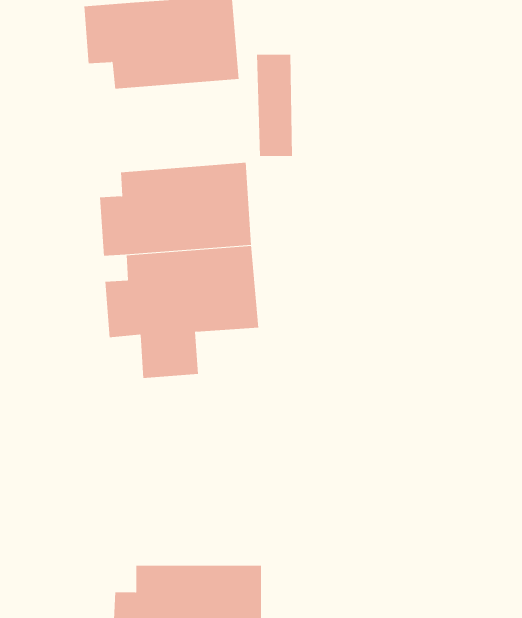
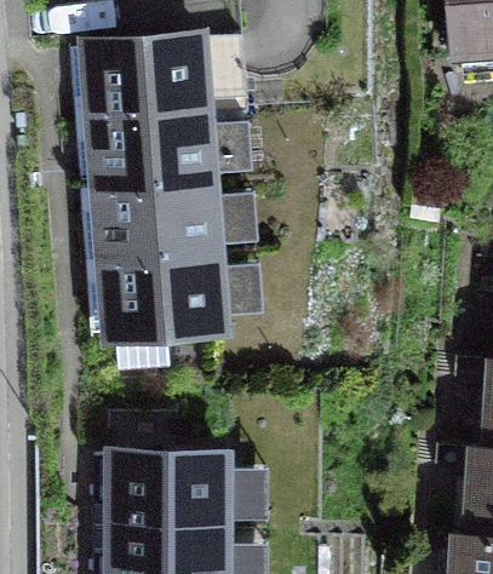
building: none -> [86,107,217,188]
building: none -> [103,450,230,526]

